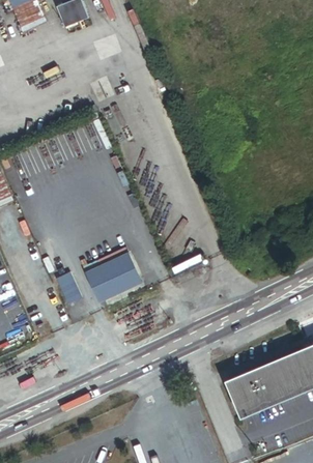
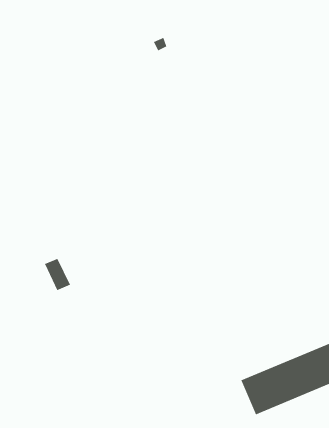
building: [84,252,142,302] -> none

